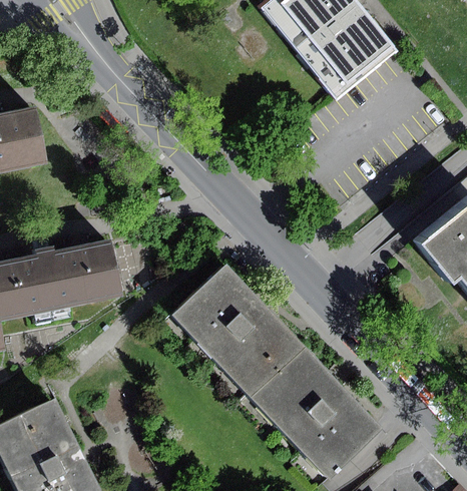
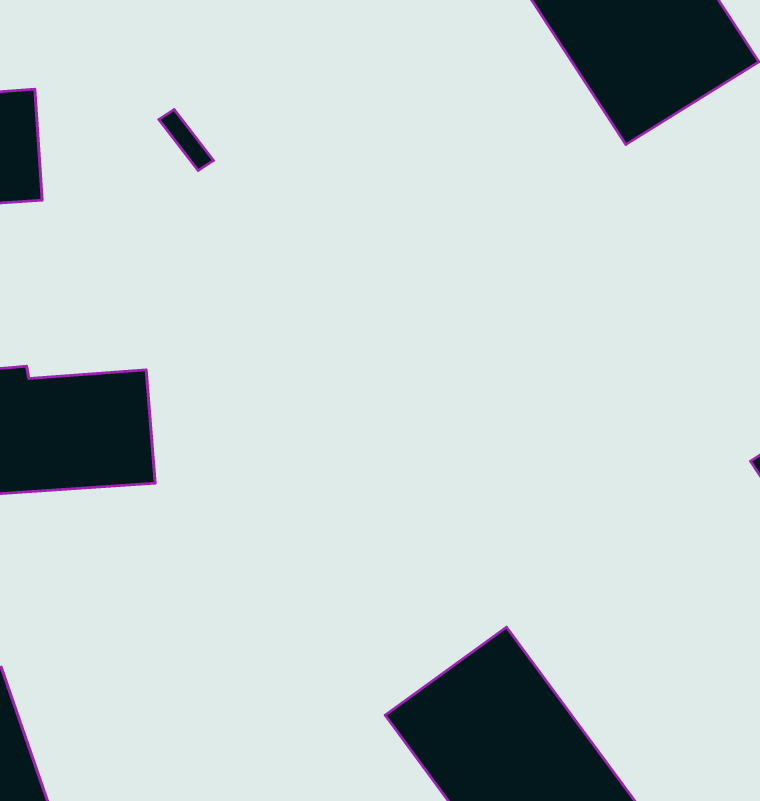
building: [171,264,306,398] -> none

